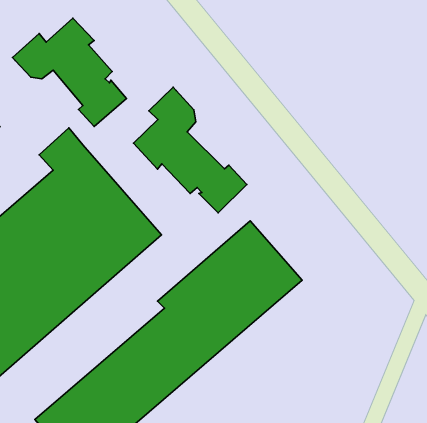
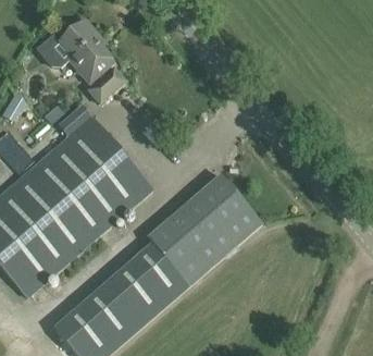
building: [134,87,247,213] -> none

